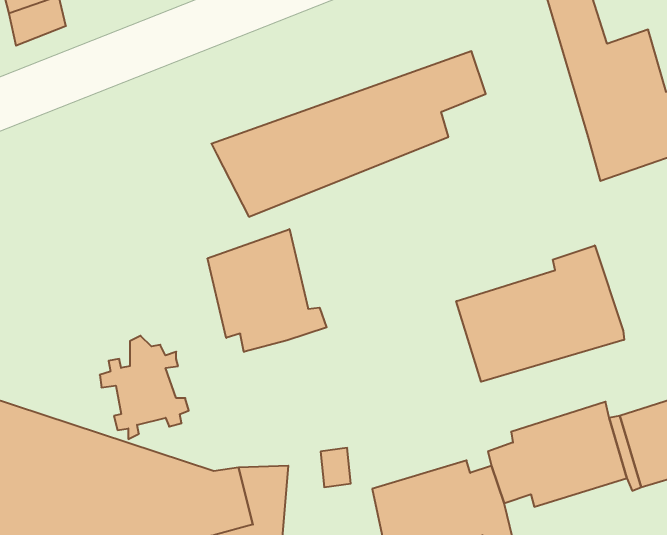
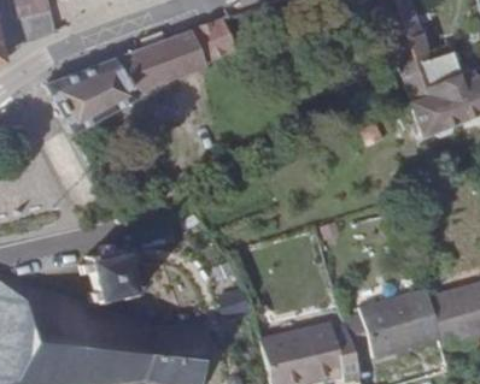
building: [211,51,486,217] -> [45,22,230,134]
building: [208,229,327,352] -> none
building: [456,245,624,382] -> none

